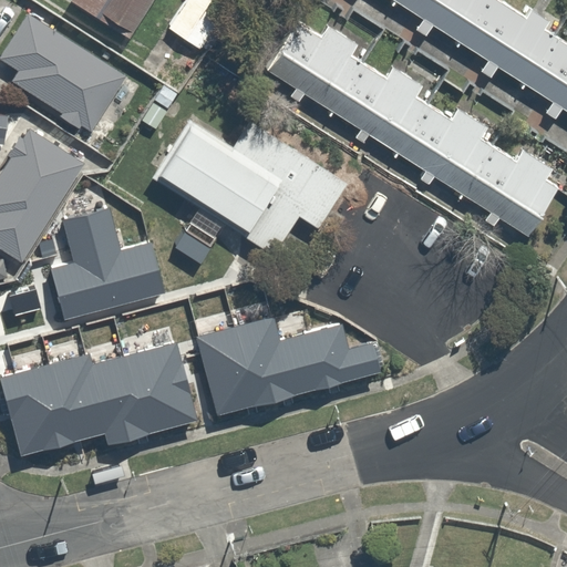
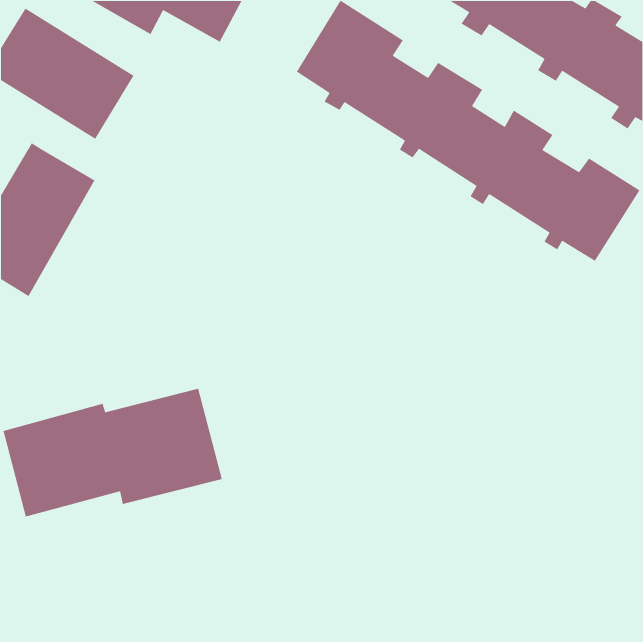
building: [156,120,348,252] -> none
building: [49,209,164,320] -> none
building: [197,320,381,420] -> none

